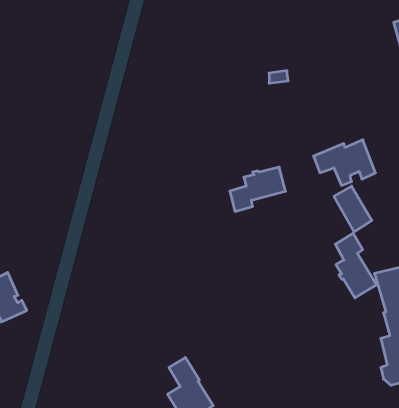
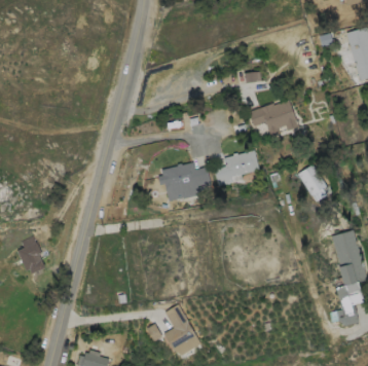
building: [313,140,376,185] -> [249,100,299,137]
building: none -> [157,159,211,198]
building: [335,233,376,298] -> none

